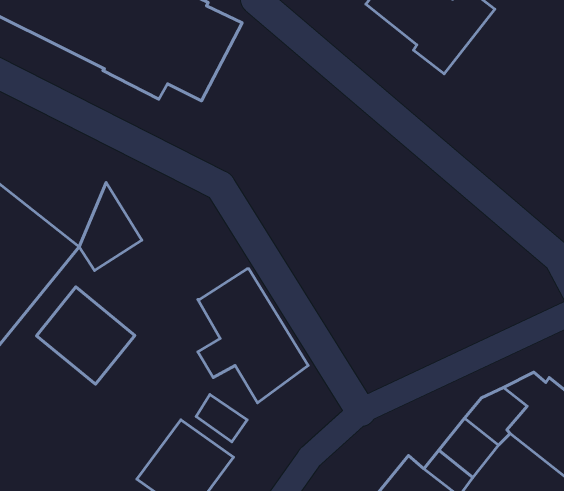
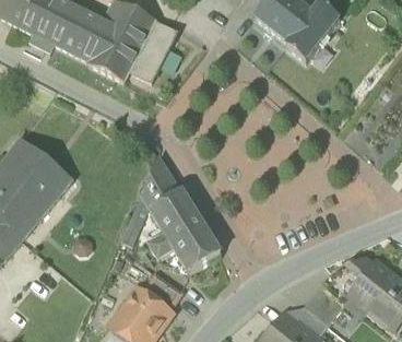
building: [79,182,142,271] -> [141,154,181,211]
building: [37,287,135,384] -> none

